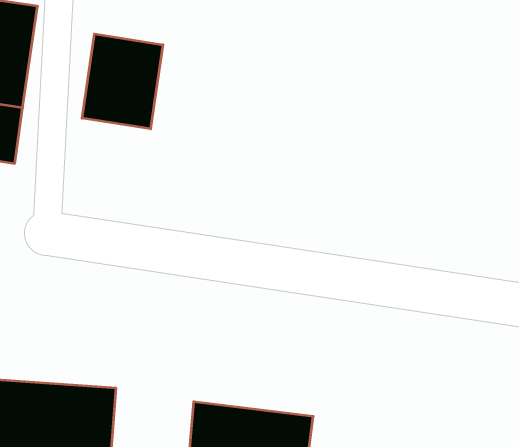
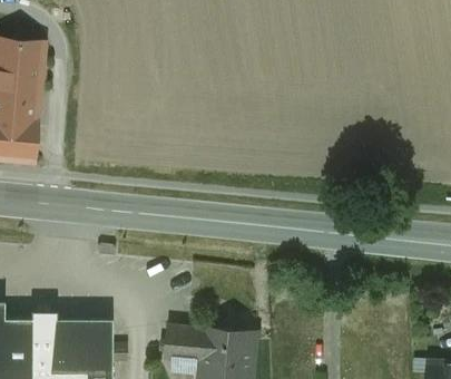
building: [82,34,163,129] -> none

